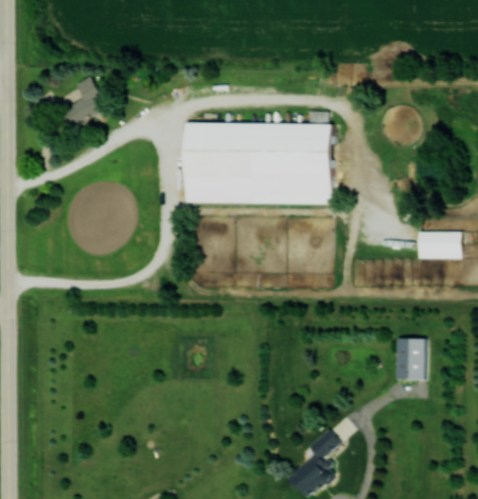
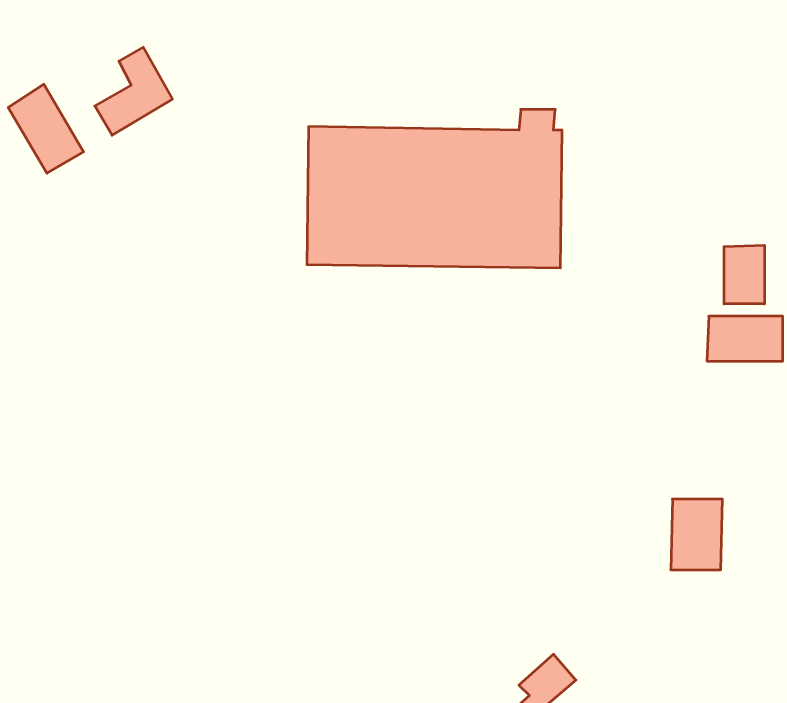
building: none -> [8,84,84,173]
building: none -> [724,245,764,304]

